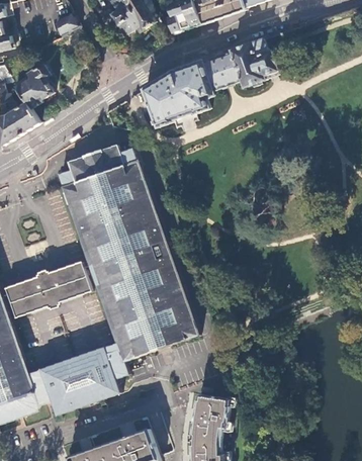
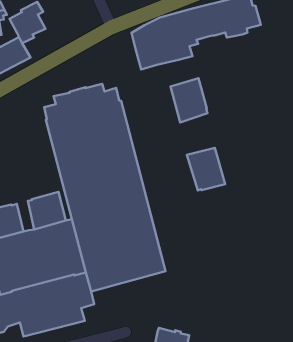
building: none -> [170,78,208,123]
building: none -> [187,148,225,191]
building: [32,270,59,304] -> none

